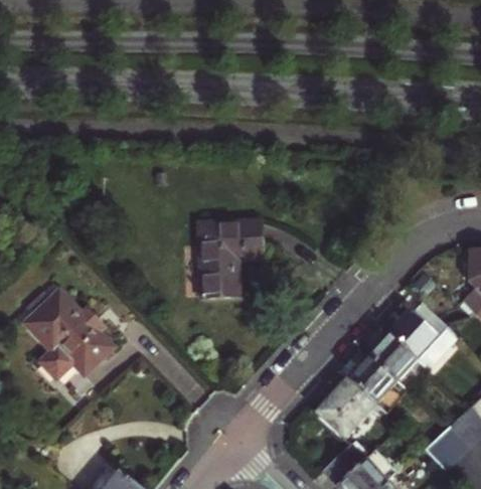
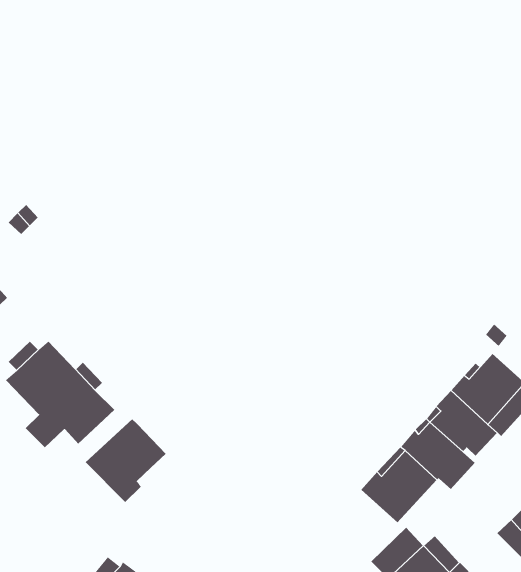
building: [199,222,263,300] -> none
building: none -> [85,418,166,503]

